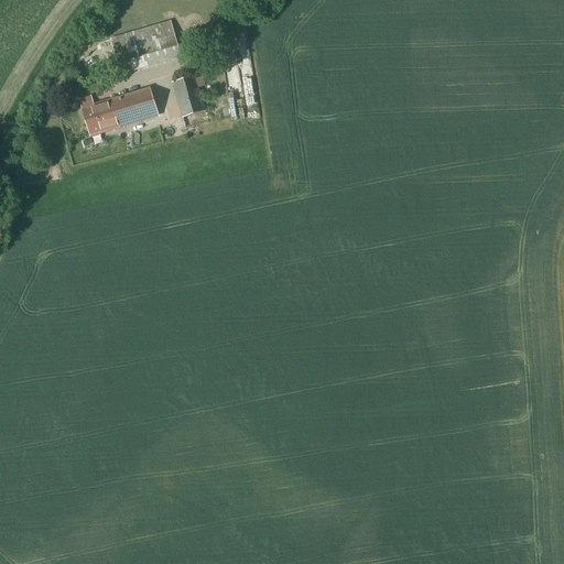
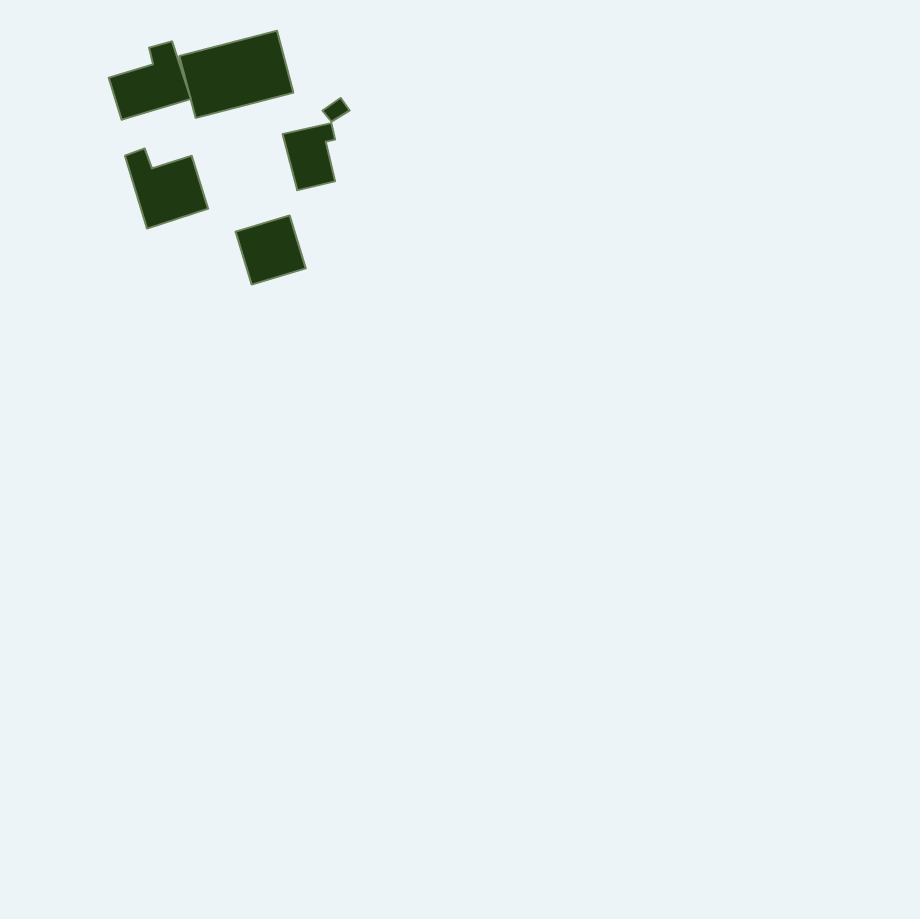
building: none -> [109,41,191,120]
building: [117,85,160,127] -> [235,216,306,284]

